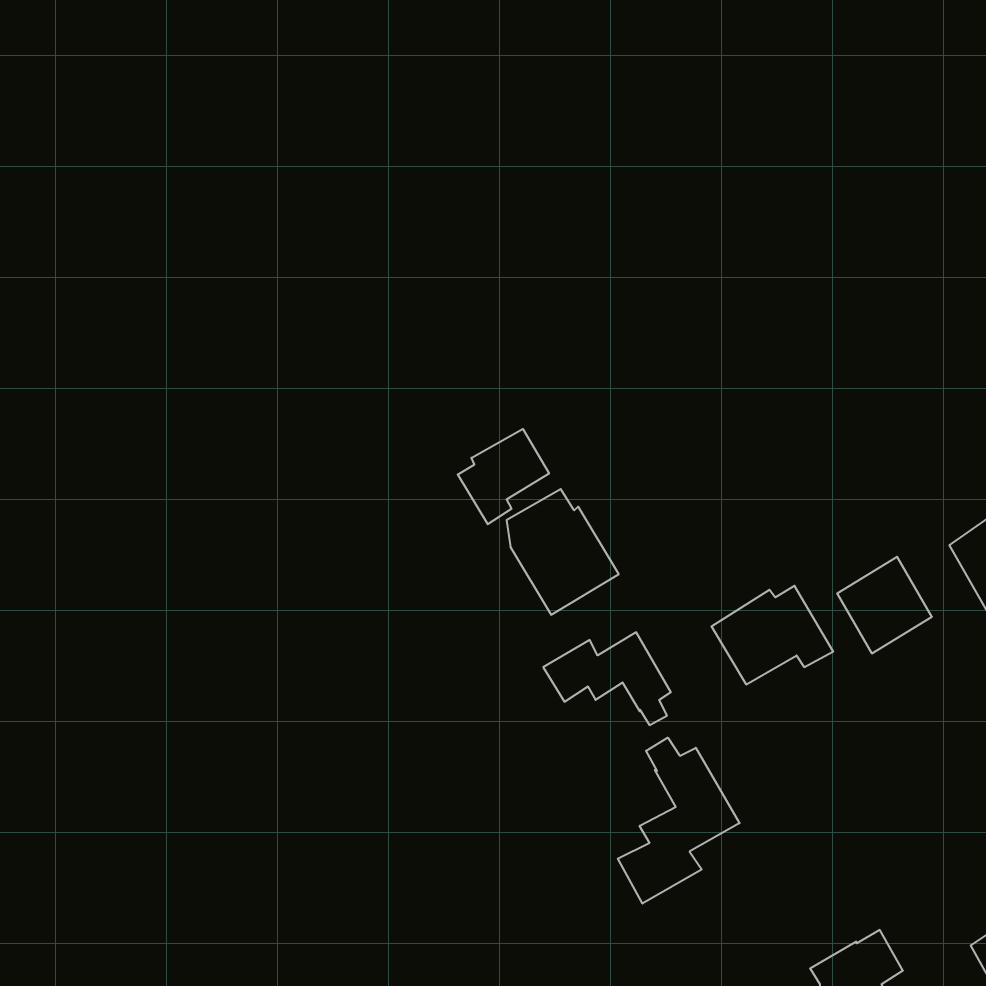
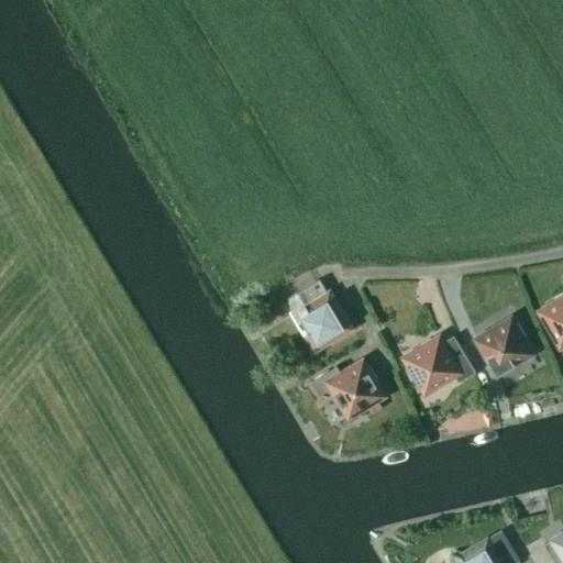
building: [458,429,549,524] -> none
building: [618,738,740,904] -> none

